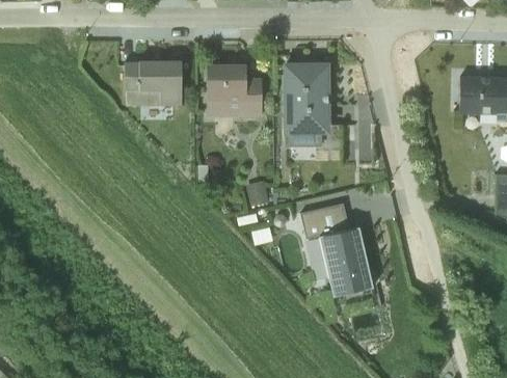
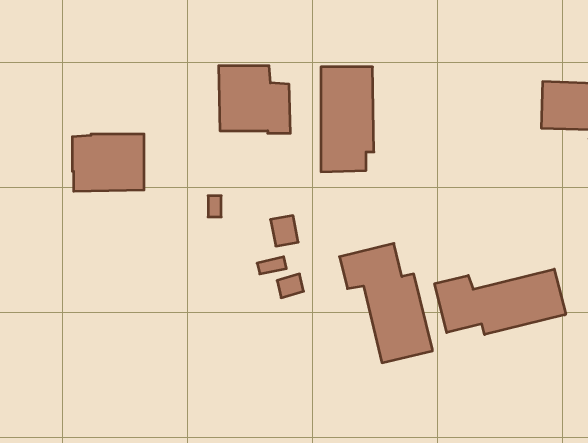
building: [125,60,181,105] -> [72,134,144,191]
building: none -> [435,269,566,335]

